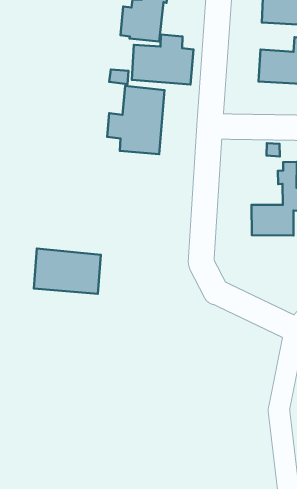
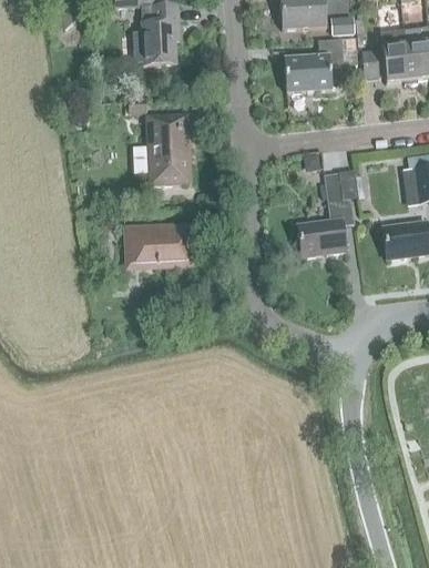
building: [132,35,193,85] -> none
building: [34,248,101,294] -> [124,223,195,268]

